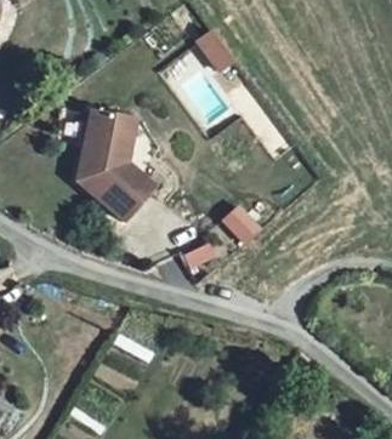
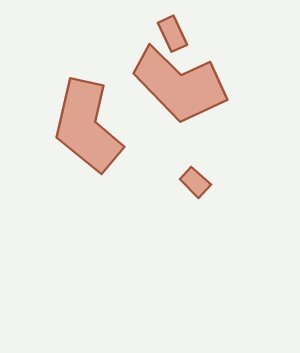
building: none -> [133,44,228,122]

